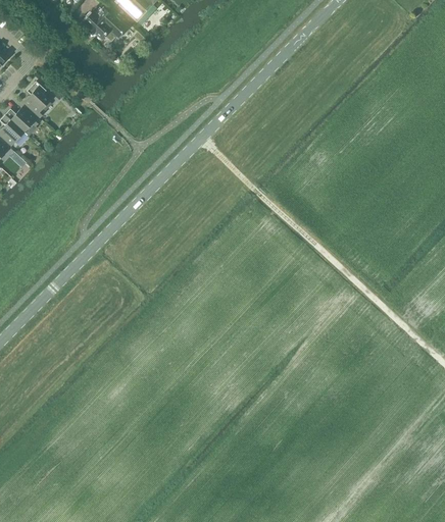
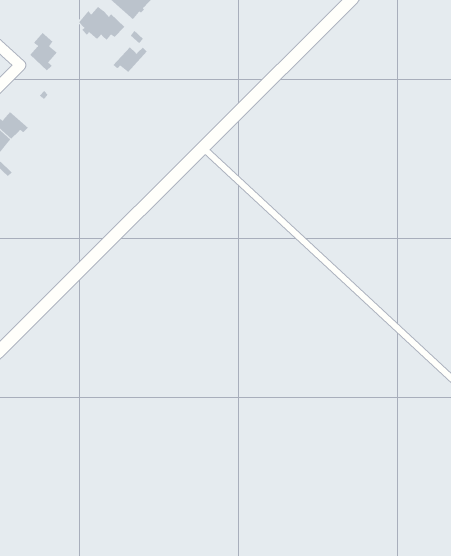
building: none -> [112,46,148,73]
building: [21,83,48,119] -> [29,32,58,71]

